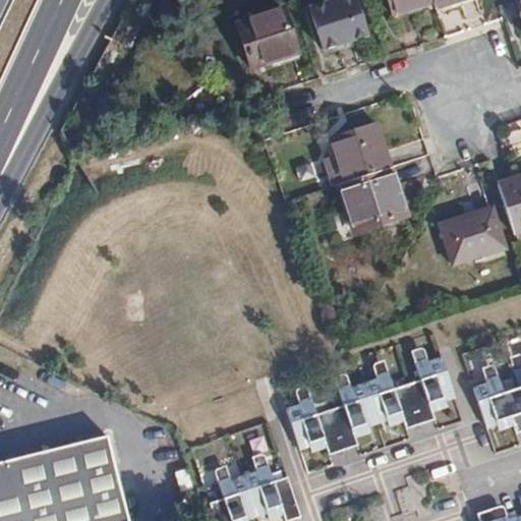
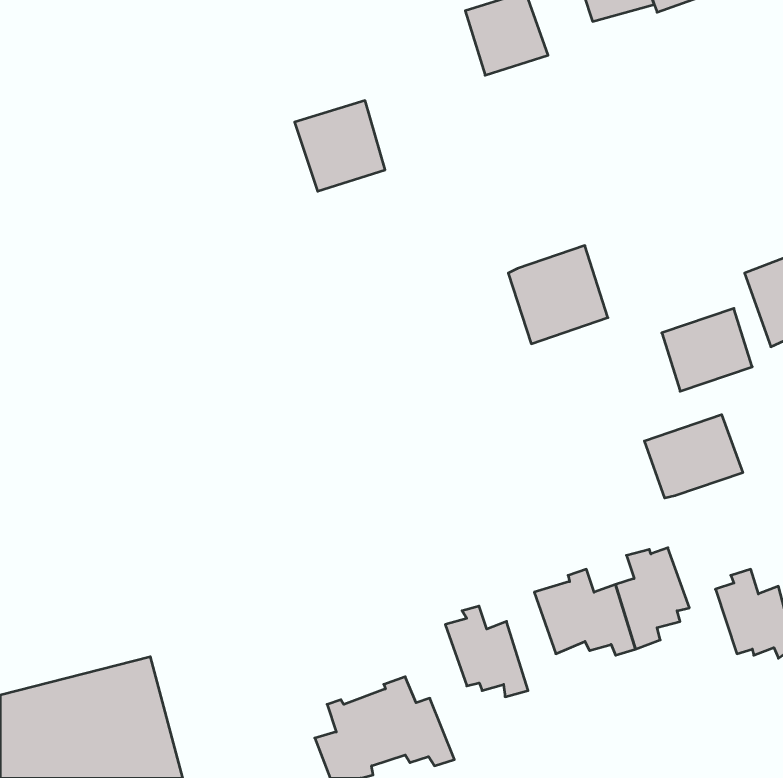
building: [236,7,296,67] -> [295,101,385,191]
building: [329,120,389,178] -> none
building: none -> [644,415,743,498]
building: [337,393,372,458] -> none

